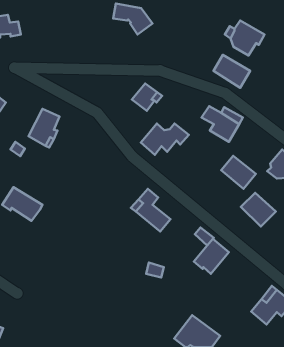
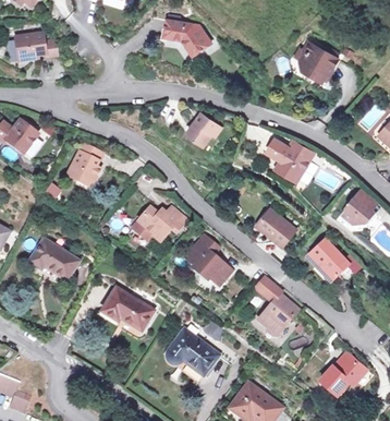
building: [214,55,250,88] -> none
building: [141,124,189,155] -> [130,206,185,242]
building: [221,156,256,189] -> [254,208,294,246]
building: none -> [108,288,157,332]
building: none -> [169,332,219,385]

